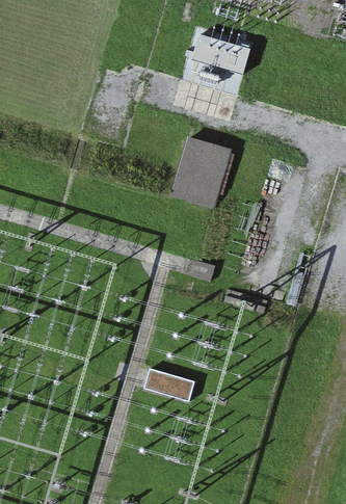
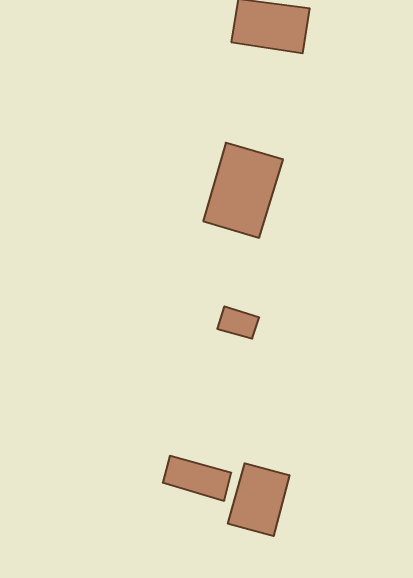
building: none -> [228,463,289,536]

